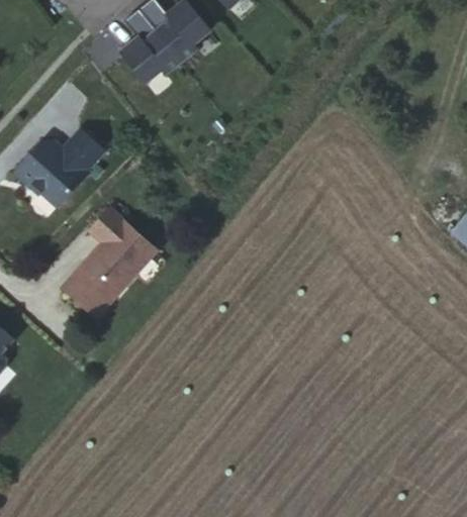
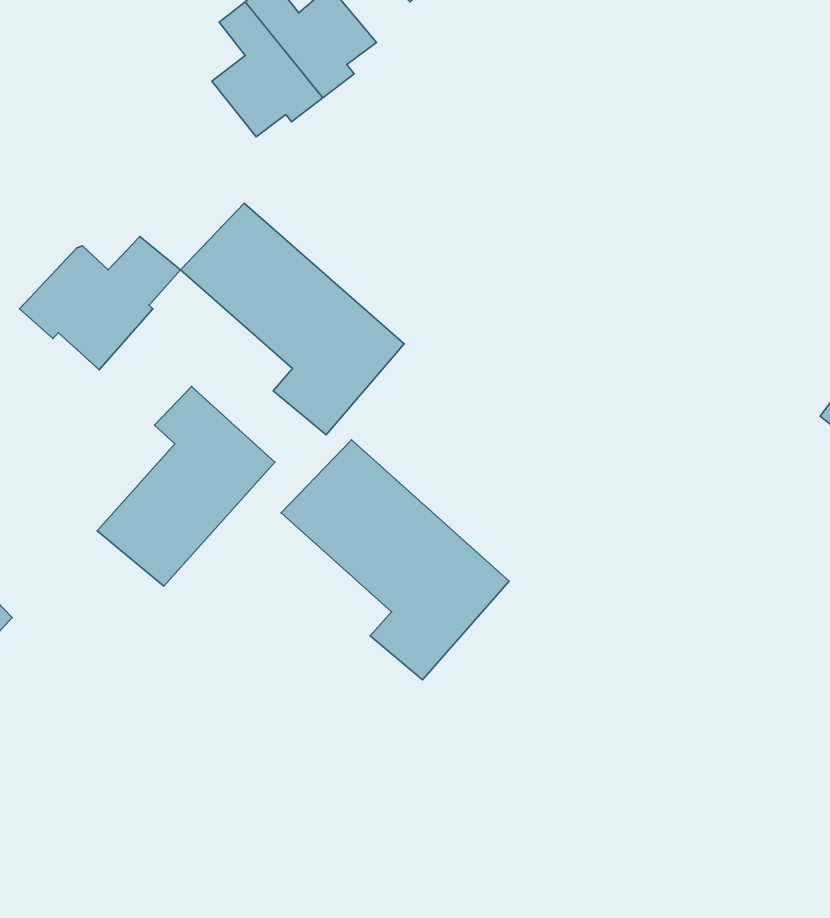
building: none -> [180,203,404,435]
building: none -> [281,440,509,680]

